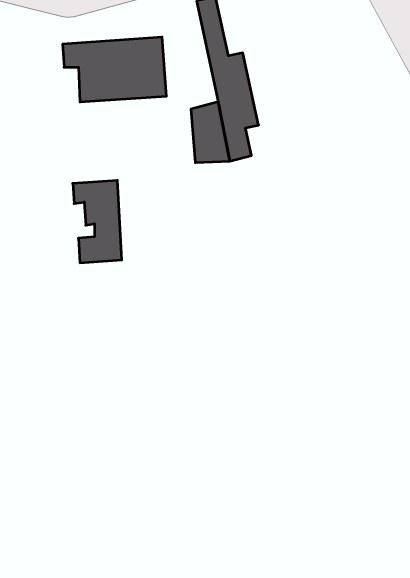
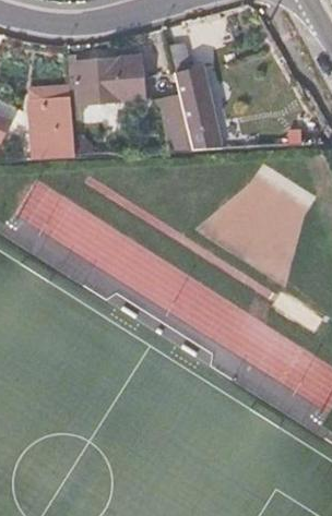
building: [73,180,122,263] -> [37,95,74,157]

